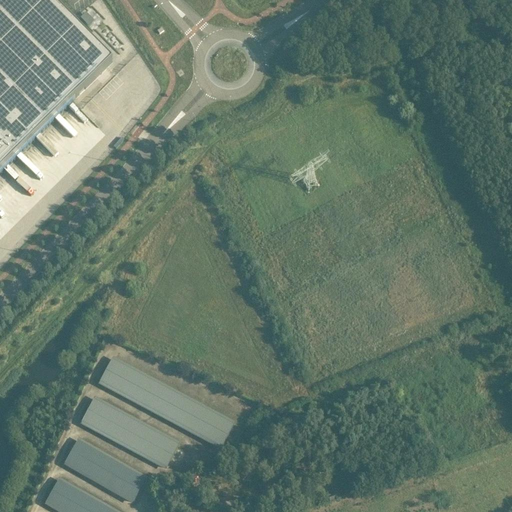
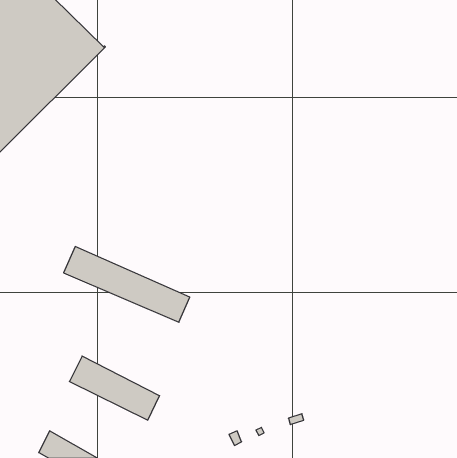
building: [94,358,234,442] -> [64,247,190,322]
building: [63,438,141,498] -> none

